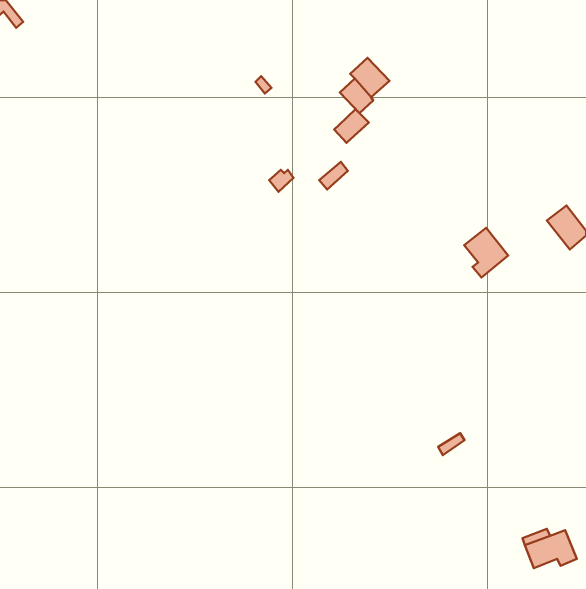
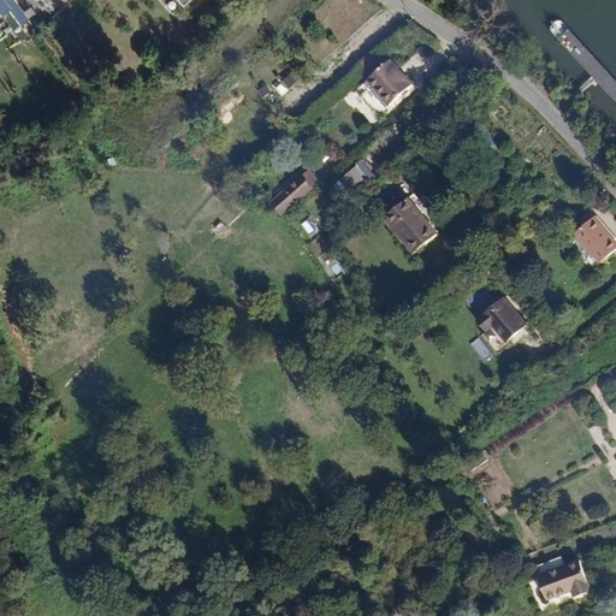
building: [334,109,369,143] -> none
building: none -> [386,195,438,249]
building: [464,228,508,277] -> [479,298,525,350]

